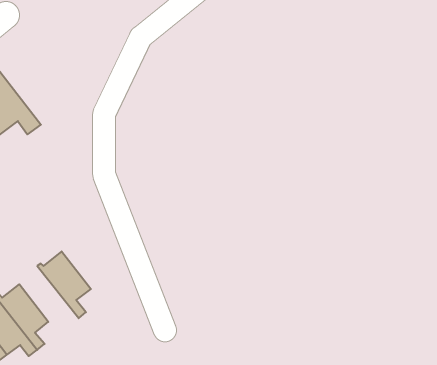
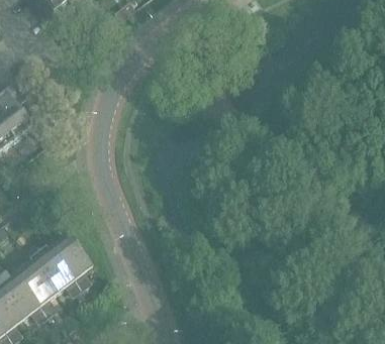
building: none -> [27,243,81,295]

